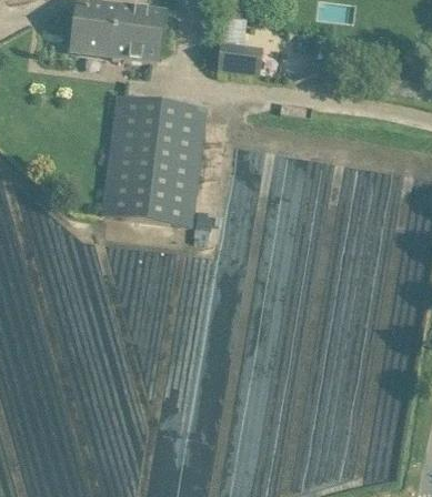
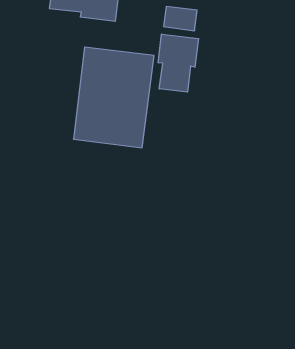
building: none -> [158,34,198,92]

